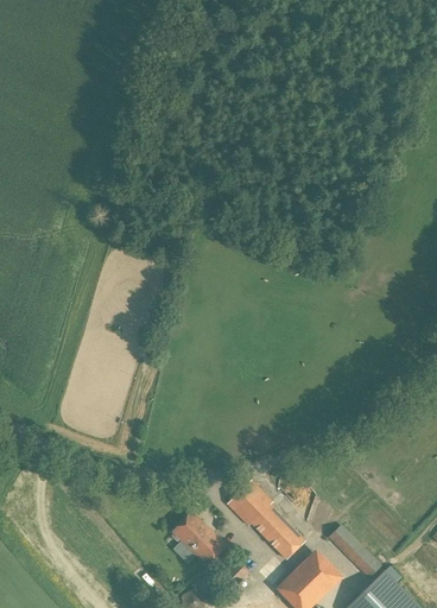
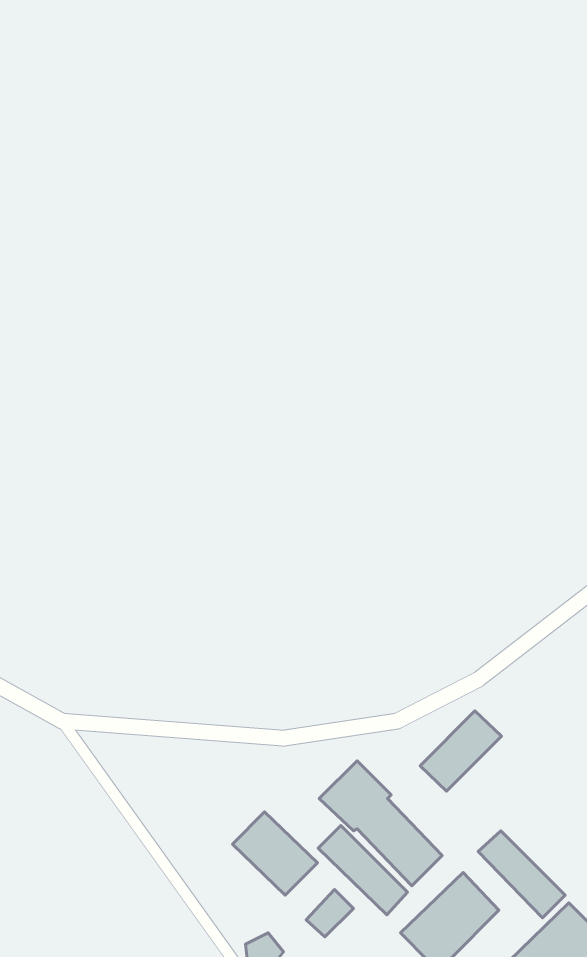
building: none -> [420,711,501,791]
building: none -> [318,825,408,915]

